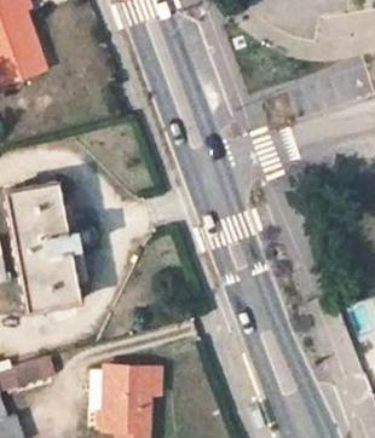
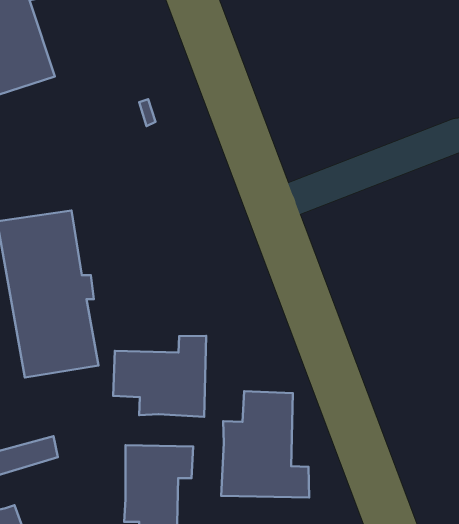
building: none -> [113,336,206,417]
building: none -> [221,391,309,498]

